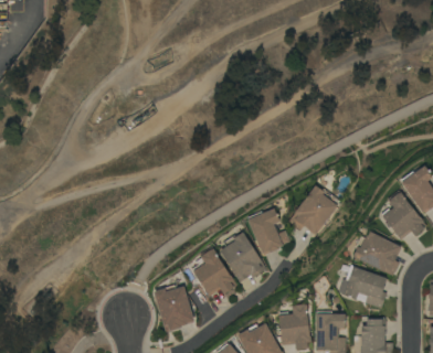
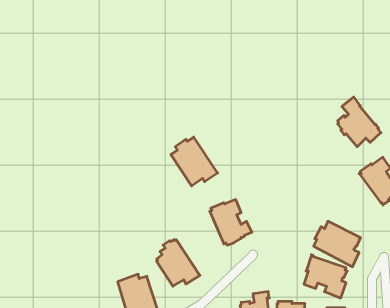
building: [288,185,337,235] -> none
building: [381,190,425,240] -> [338,97,381,147]
building: [219,233,266,282] -> [171,137,218,186]

